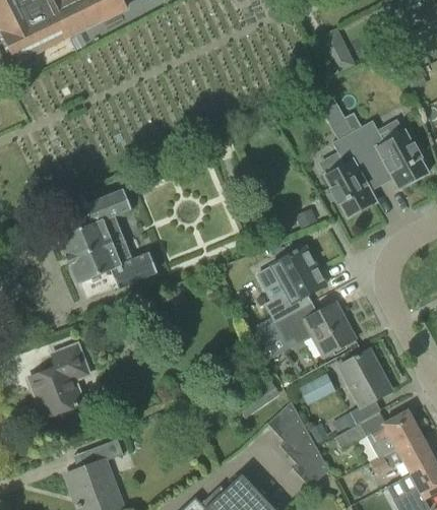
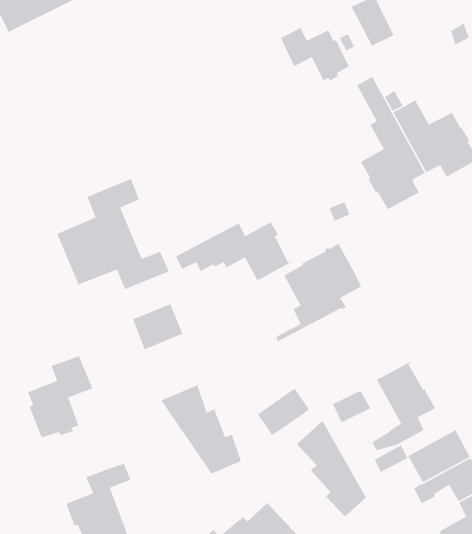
building: none -> [280,27,350,82]
building: none -> [132,303,184,350]
building: [252,303,356,356] -> [175,221,293,282]
building: none -> [160,384,242,475]

